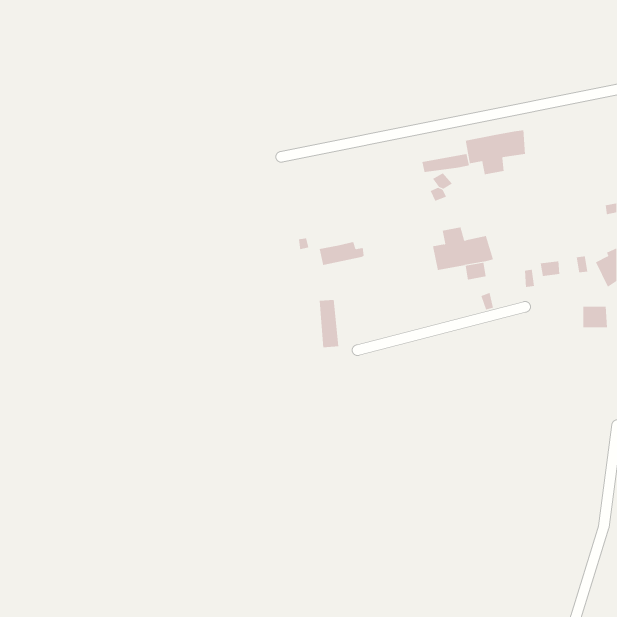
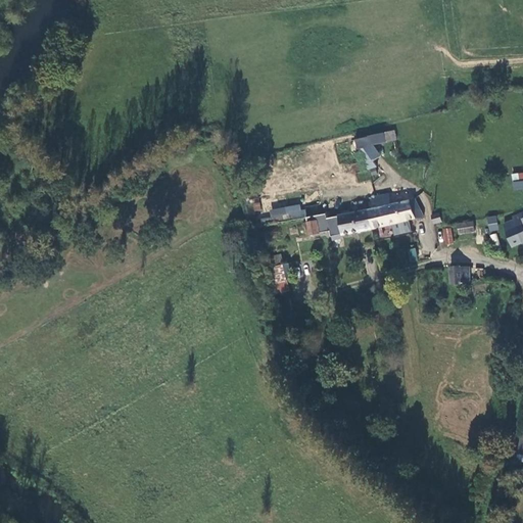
building: [465,130,526,175] -> none
building: none -> [306,208,370,237]
building: [582,306,608,328] -> [449,267,471,285]

